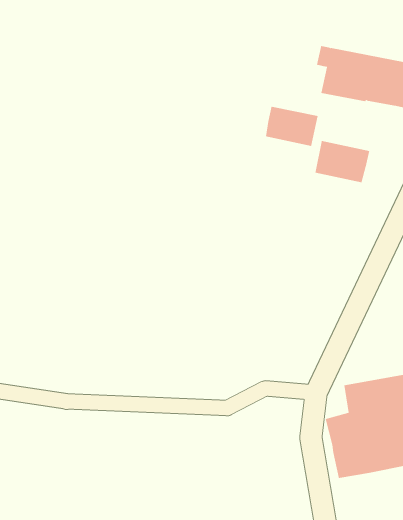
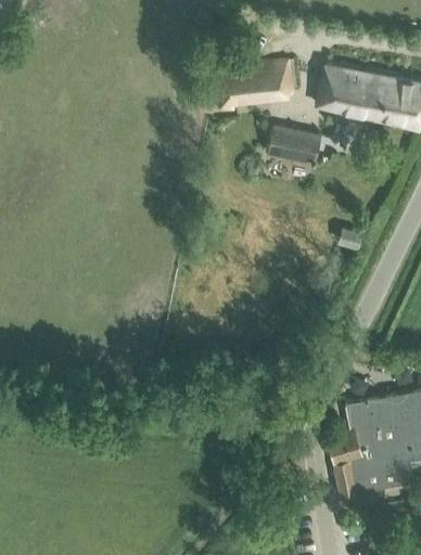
building: none -> [216,60,296,111]
building: [315,140,370,183] -> none

